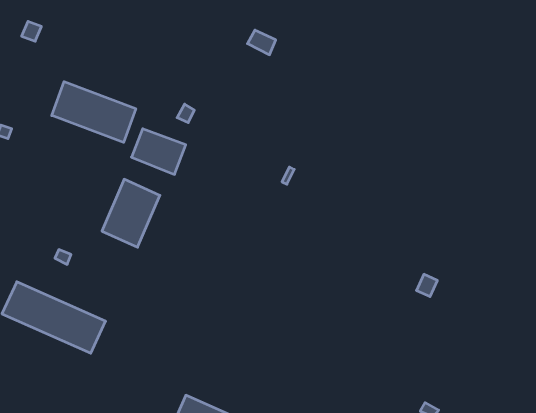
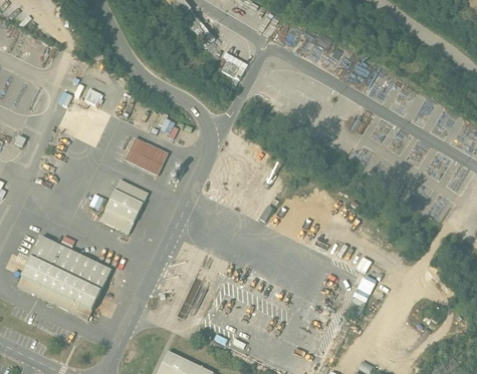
building: [52,82,136,142] -> none
building: none -> [30,238,112,292]

